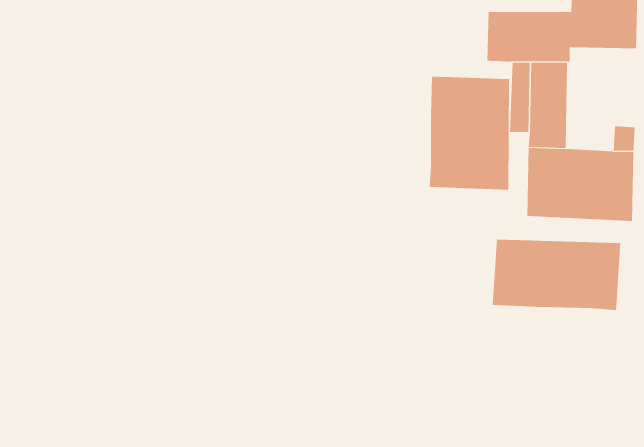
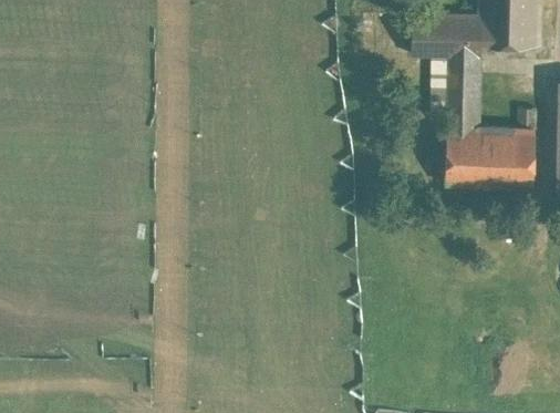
building: [429,76,510,191] -> none
building: [492,239,621,311] -> none

